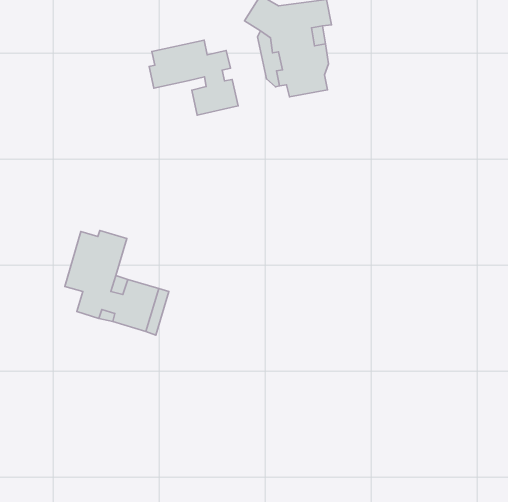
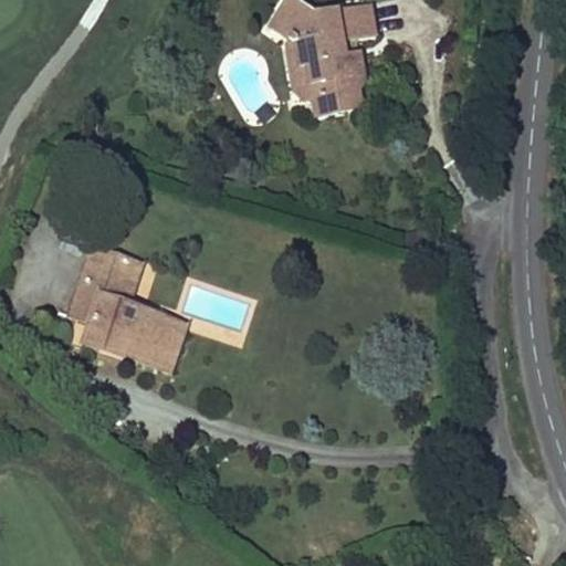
building: [149,40,238,115] -> none

